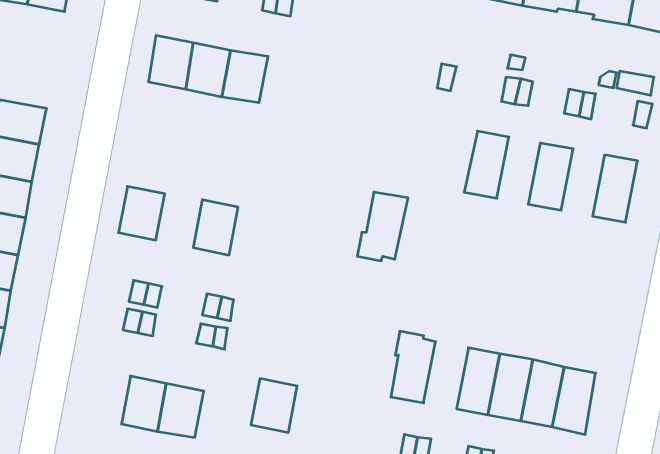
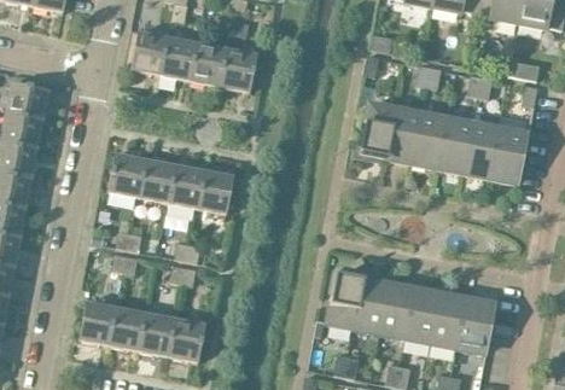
building: none -> [220,48,256,92]
building: none -> [412,113,447,168]
building: none -> [464,123,499,177]
building: [357,192,408,261] -> [355,104,396,159]
building: none -> [136,159,174,203]
building: none -> [196,170,233,214]
building: none -> [353,279,389,333]
building: none -> [78,302,116,345]
building: [251,379,297,432] -> [168,319,205,362]

